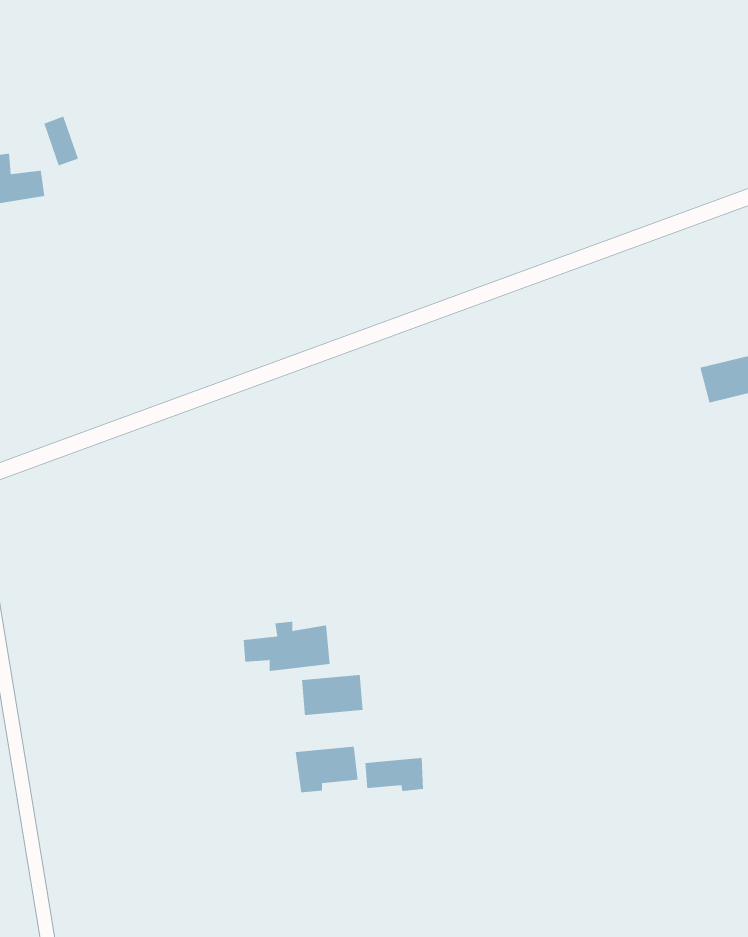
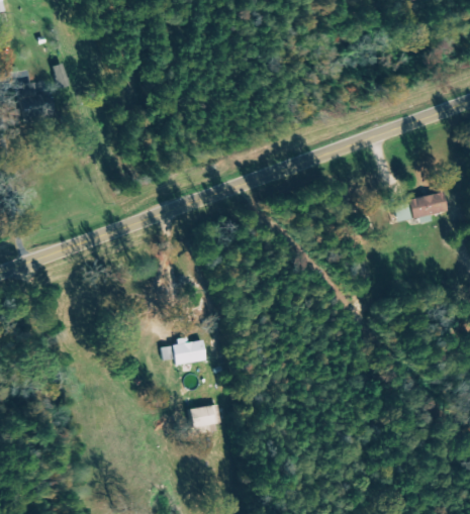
building: [302,674,363,716] -> none
building: [365,757,424,792] -> none

